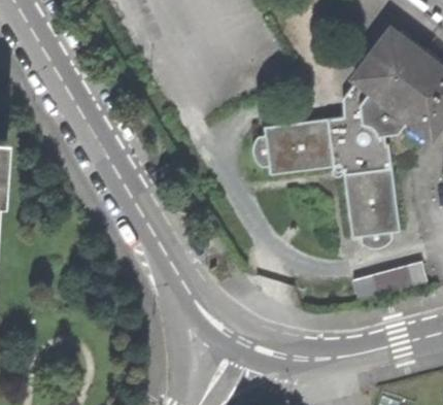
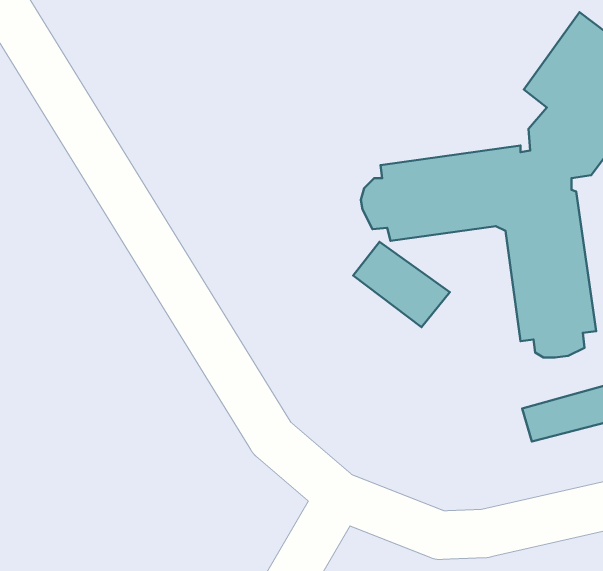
building: none -> [353,242,450,327]

